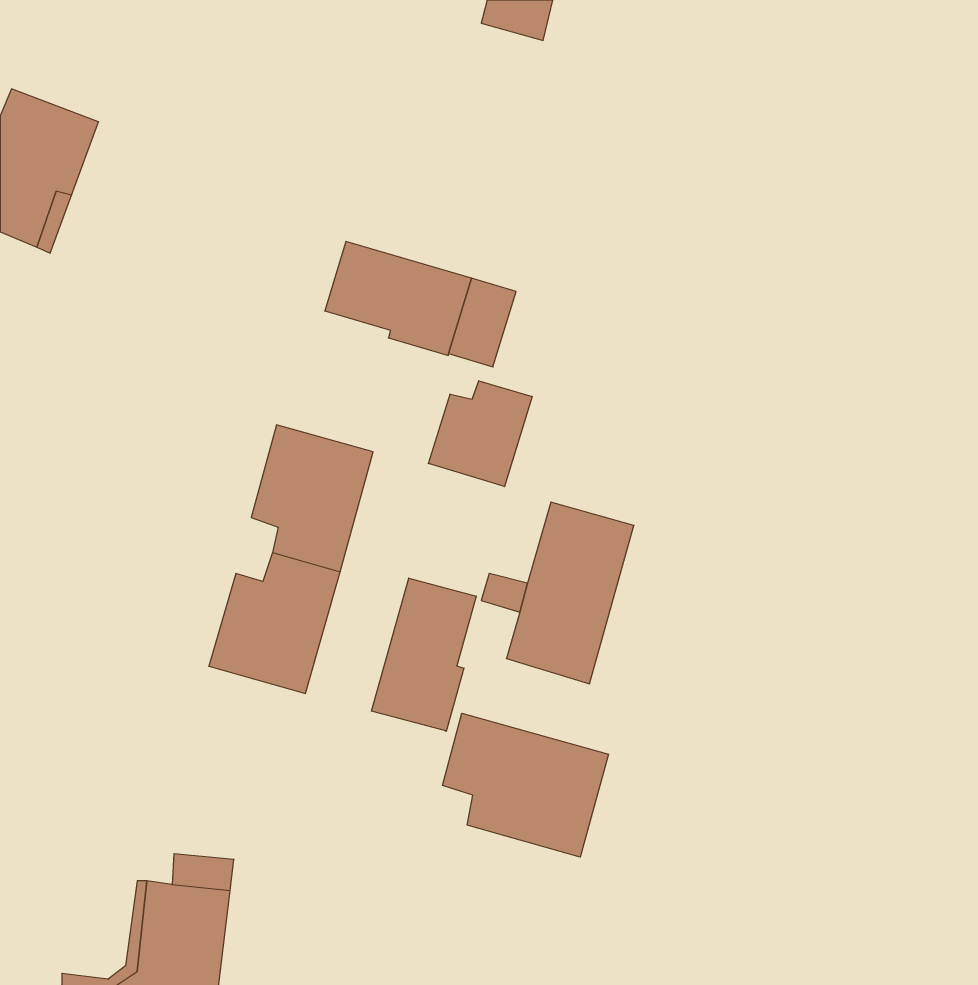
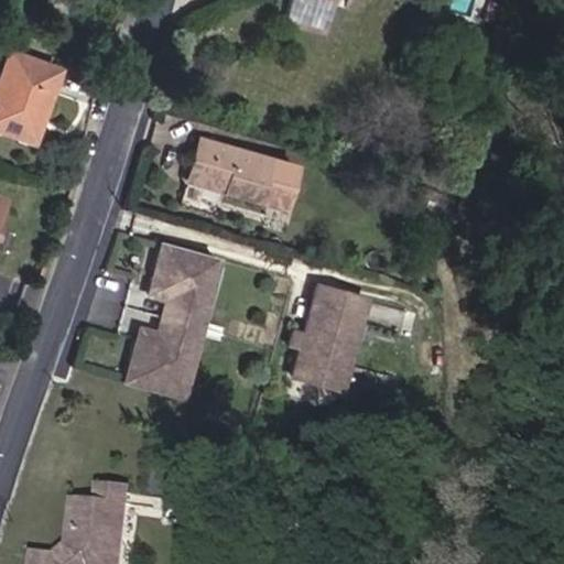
building: [428,381,532,487] -> none
building: [371,578,476,731] -> none
building: [443,713,608,857] -> none

